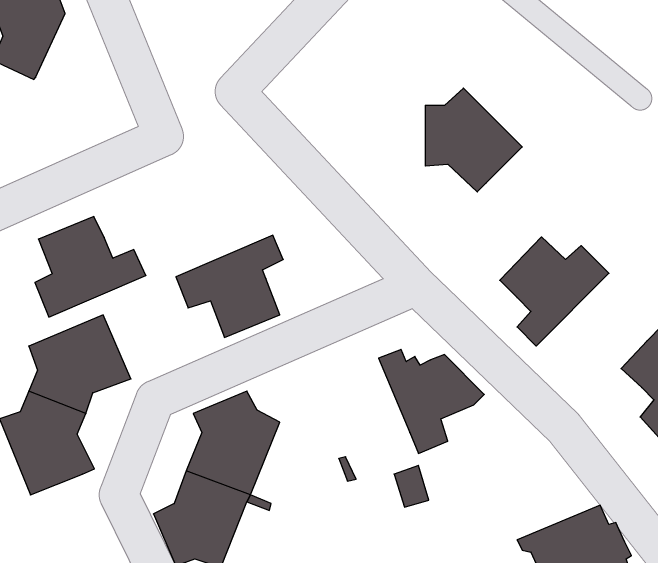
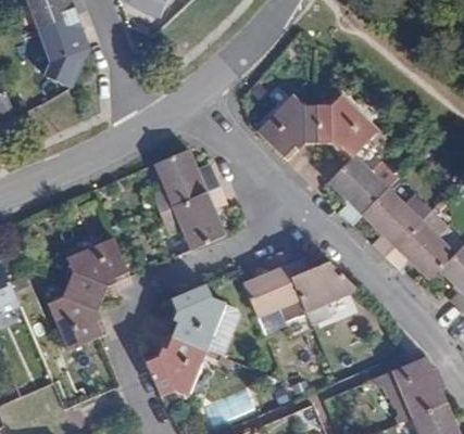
building: none -> [256,94,316,162]
building: none -> [328,154,398,224]
building: [35,217,146,317] -> [151,150,221,213]
building: none -> [386,210,455,279]
building: none -> [242,251,306,318]

